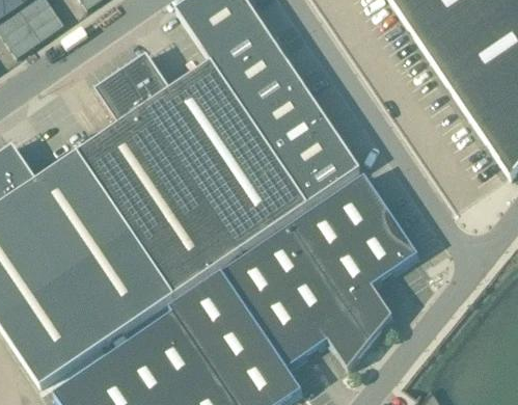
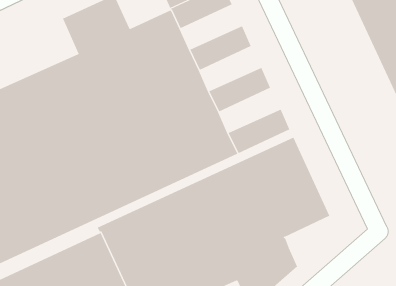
building: [223,44,290,100] -> none
building: [251,85,318,141] -> none
building: [279,127,346,183] -> none

